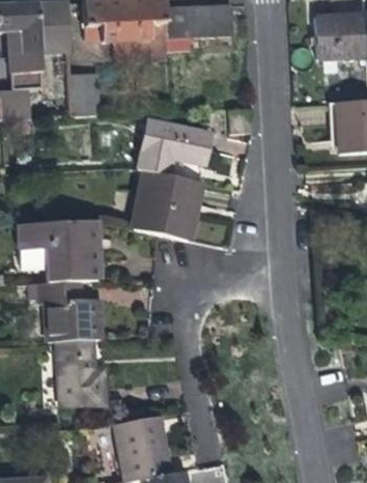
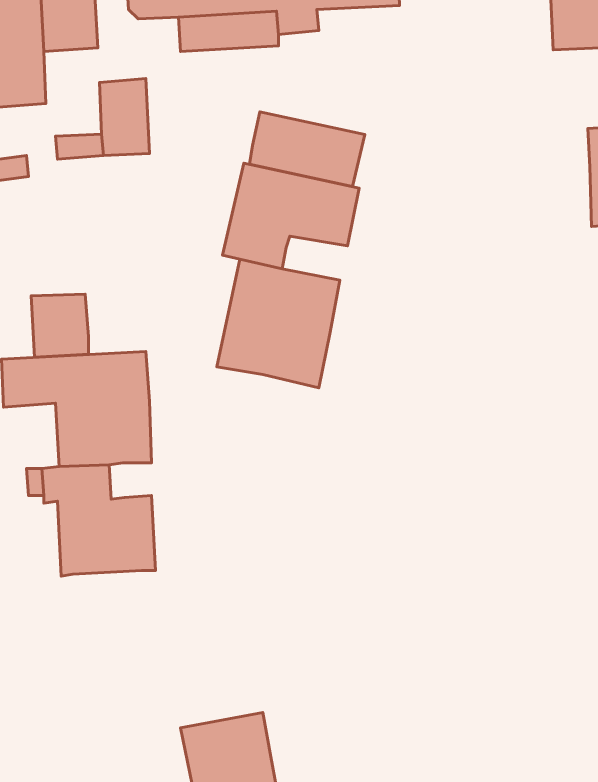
building: none -> [250,112,365,187]
building: none -> [31,294,88,357]
building: [55,339,103,406] -> none

